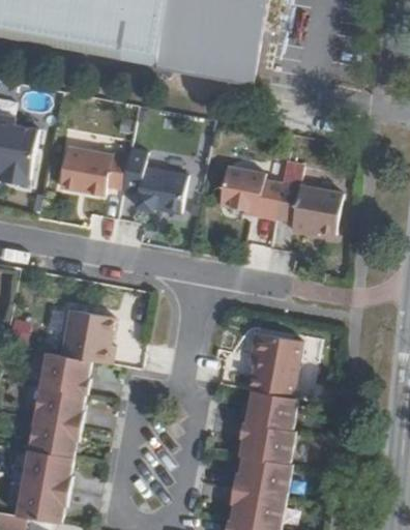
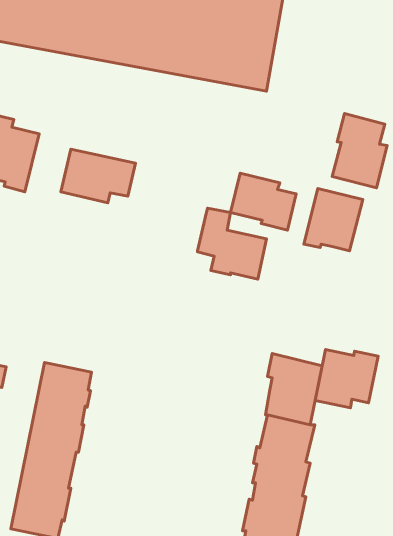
building: none -> [332,114,387,188]
building: [122,147,187,214] -> [198,208,267,279]
building: [59,302,113,358] -> none
building: none -> [315,350,378,408]

